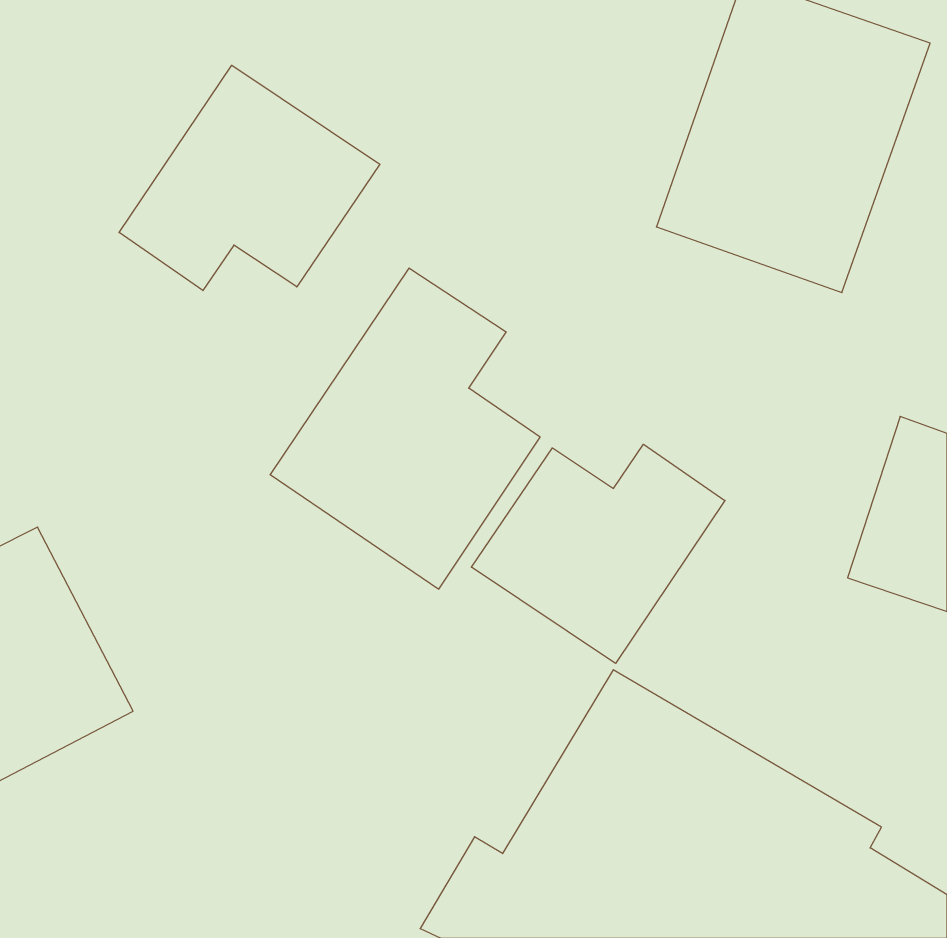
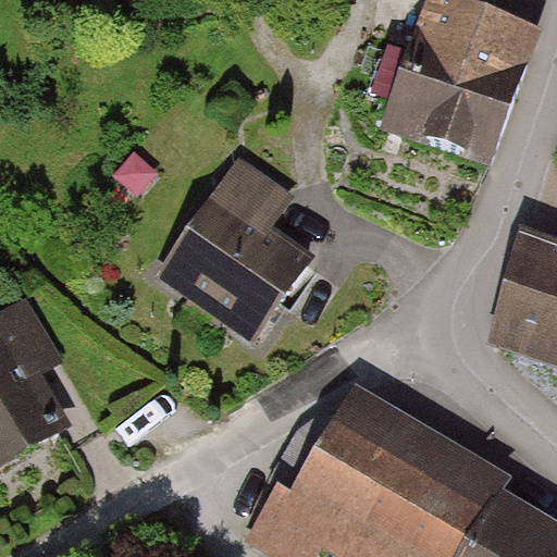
building: [119,65,380,291] -> none
building: [471,444,725,663] -> none

